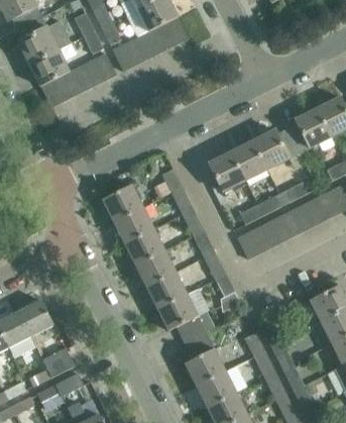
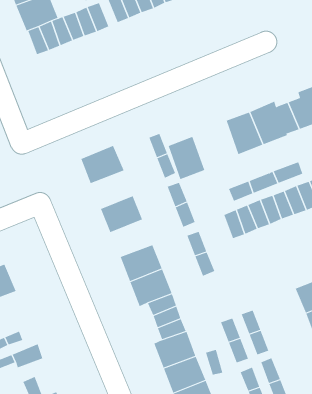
building: [209,150,245,192] -> [168,136,205,180]
building: [112,205,152,242] -> none
building: [134,248,175,285] -> none

